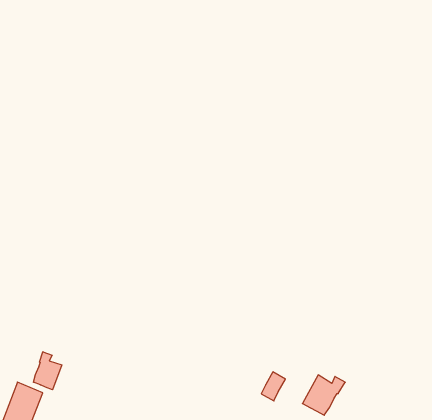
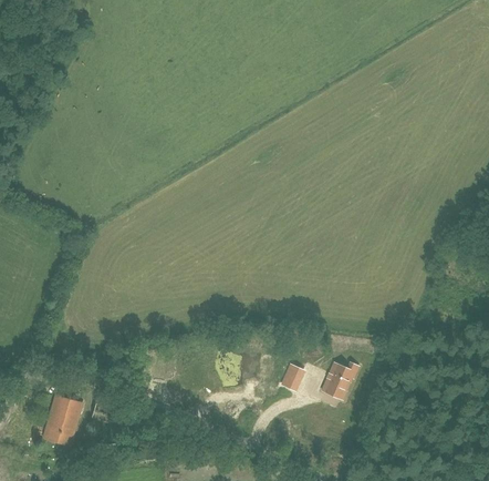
building: [33,352,62,390] -> none

